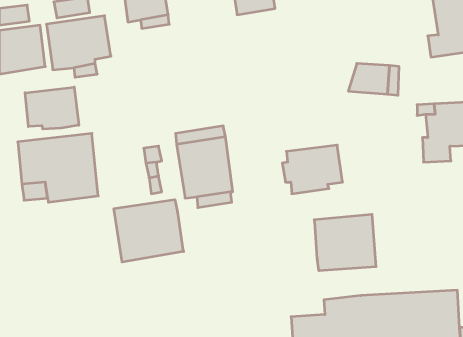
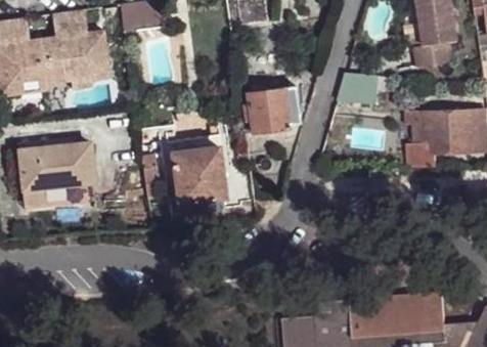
building: [25,87,79,129] -> none
building: [282,145,343,194] -> [241,86,300,133]
building: [114,200,184,262] -> none
building: [314,214,376,271] -> none

